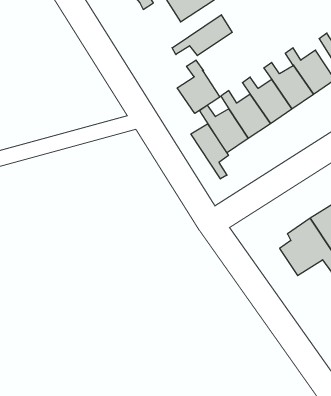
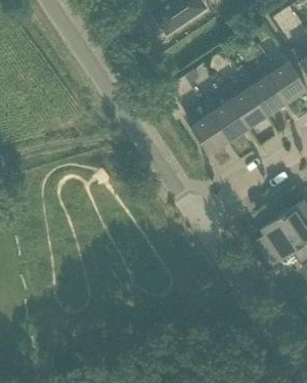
building: [172,15,232,56] -> none
building: [177,60,220,113] -> none
building: [191,124,228,179] -> none

